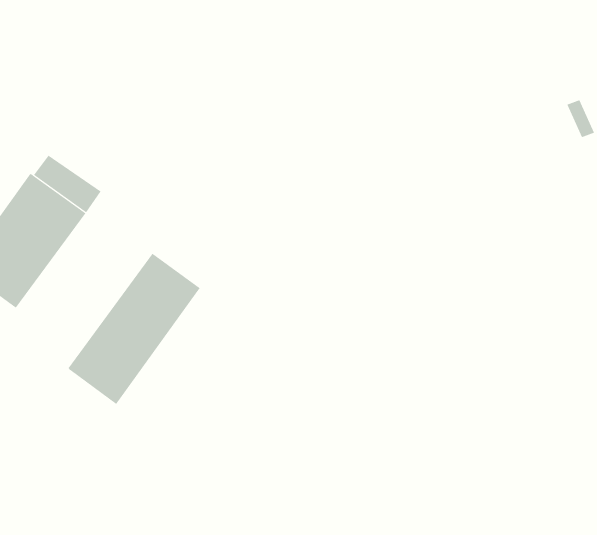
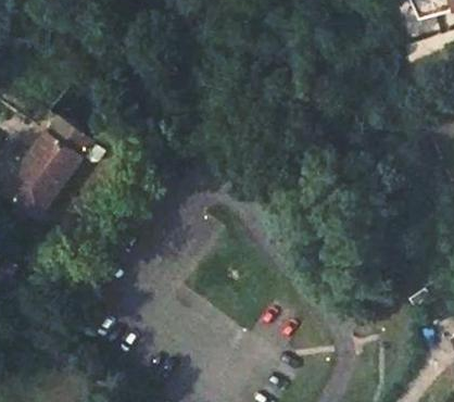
building: [68,253,201,405] -> none

